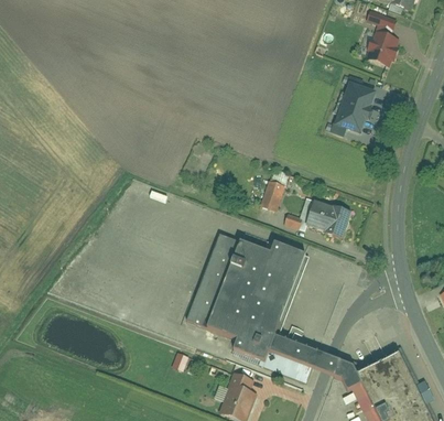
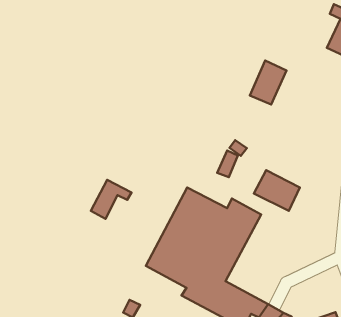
building: [337,87,375,134] -> [250,61,286,105]
building: none -> [91,180,132,219]

